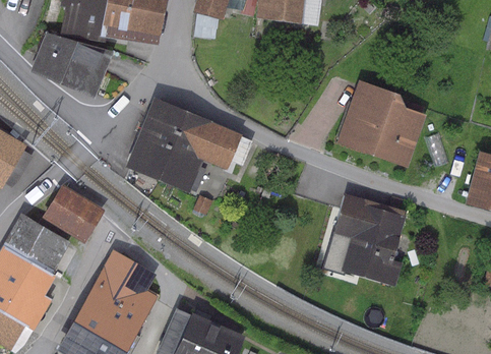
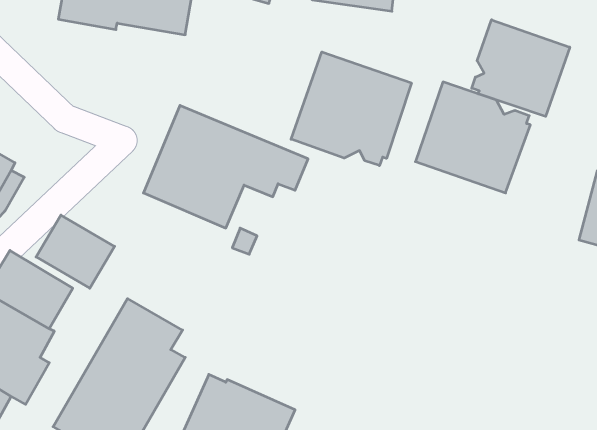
building: [30,33,112,99] -> none
building: none -> [472,20,570,116]
building: none -> [291,52,411,166]
building: [321,193,409,287] -> none

